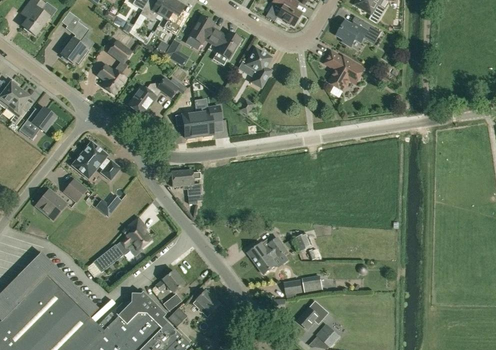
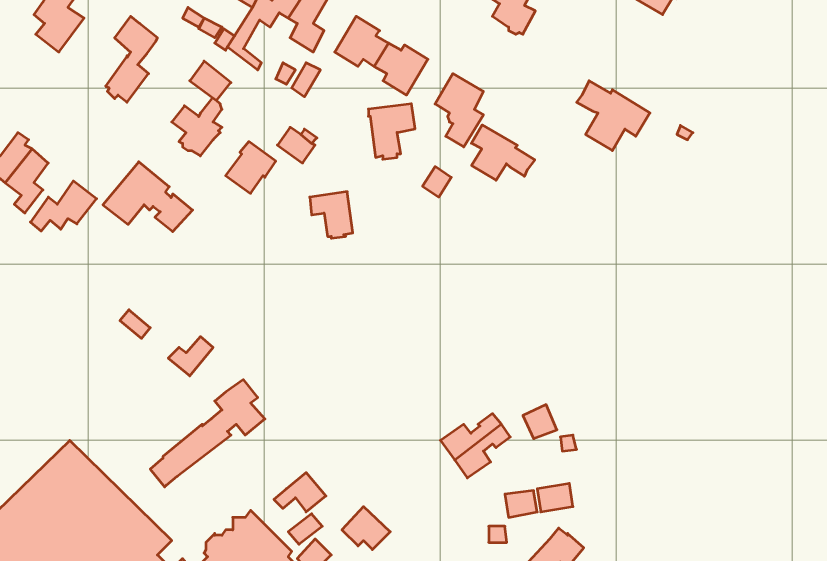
building: [337,21,381,46] -> none
building: none -> [471,125,535,180]
building: [195,106,221,137] -> [368,104,415,159]
building: [71,141,121,180] -> [103,162,193,232]
building: [171,169,202,204] -> none
building: [36,189,66,220] -> none

